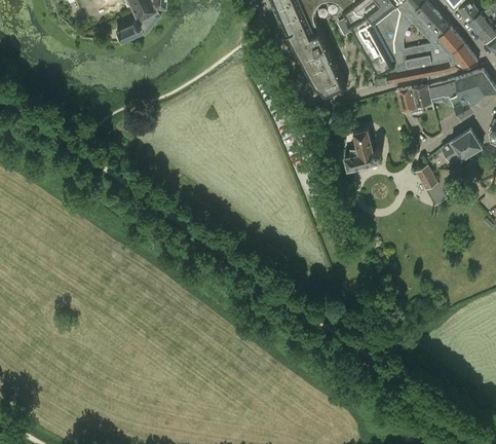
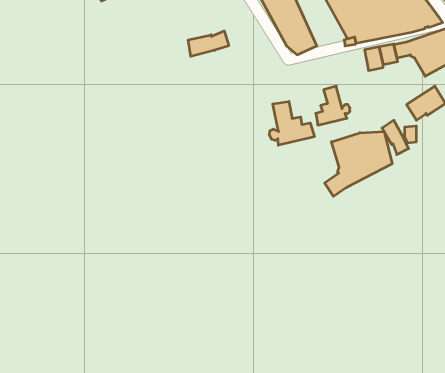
building: none -> [188,31,229,56]
building: none -> [269,101,314,145]
building: none -> [325,131,392,196]

